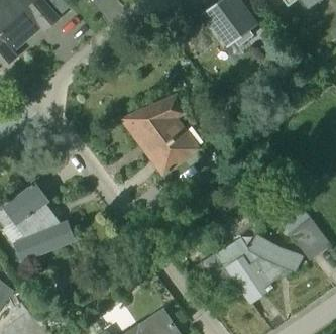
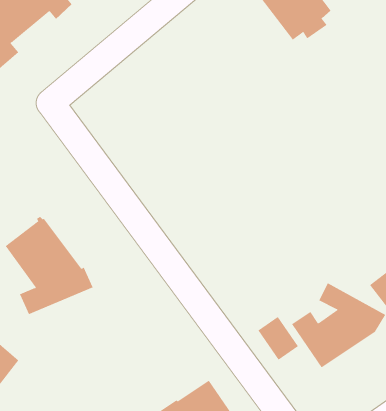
building: [126,94,196,171] -> none

